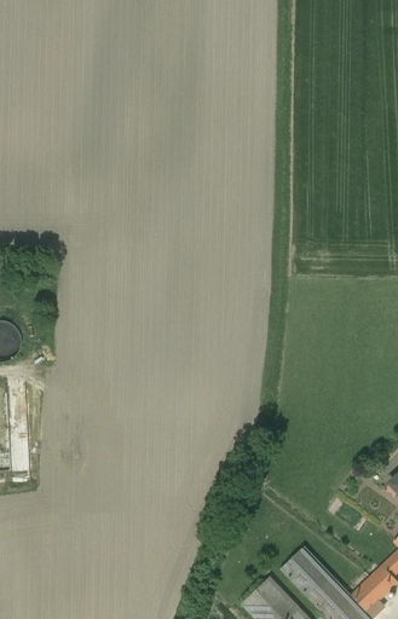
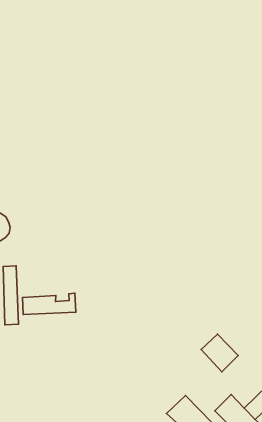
building: none -> [23,293,76,314]
building: [281,546,333,600] -> [201,334,238,372]

